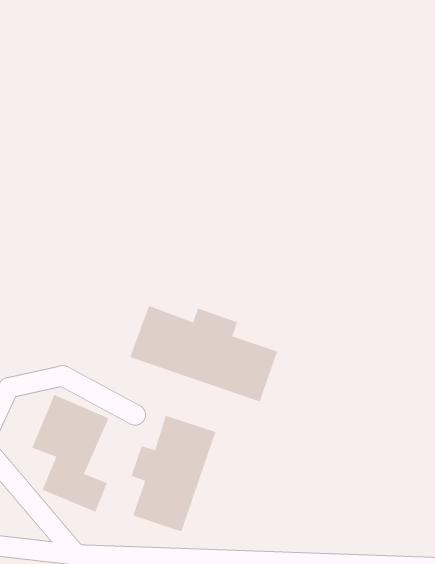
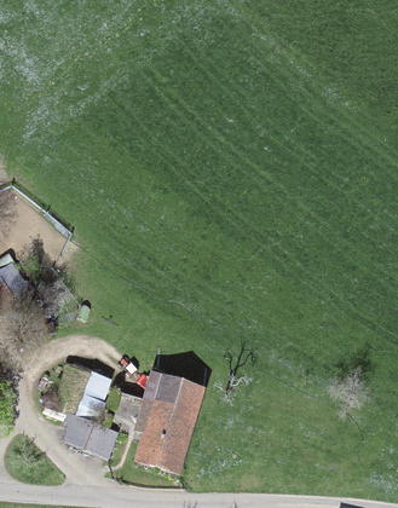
building: [129,305,278,402] -> none

